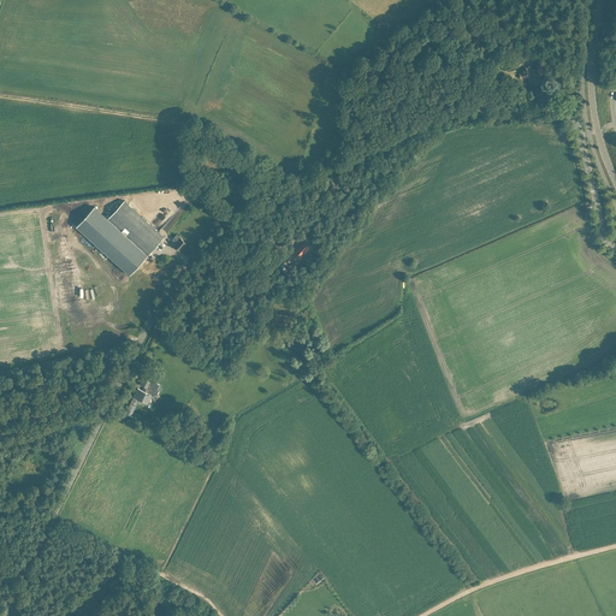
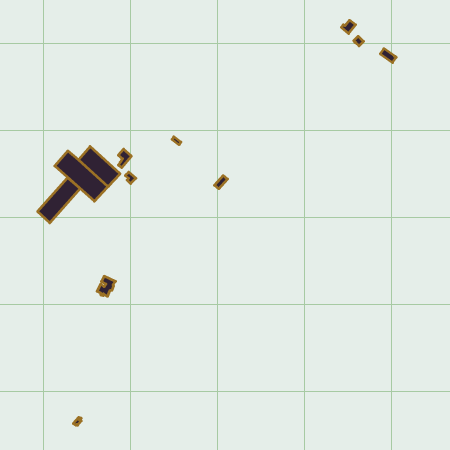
building: none -> [38,178,80,223]

